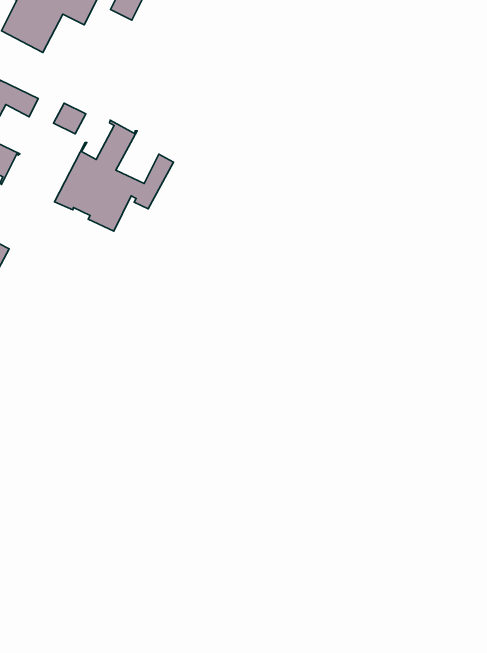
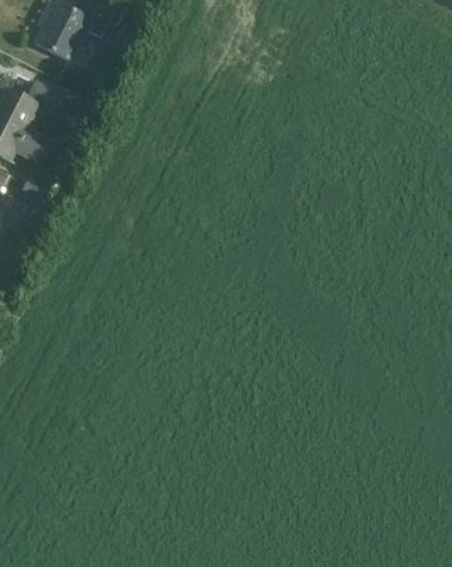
building: [54,120,173,231] -> none

